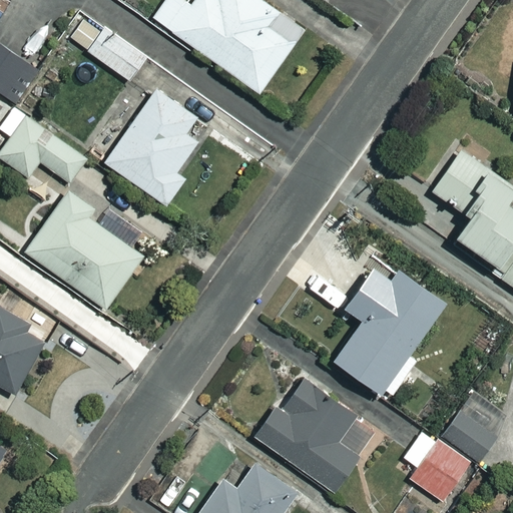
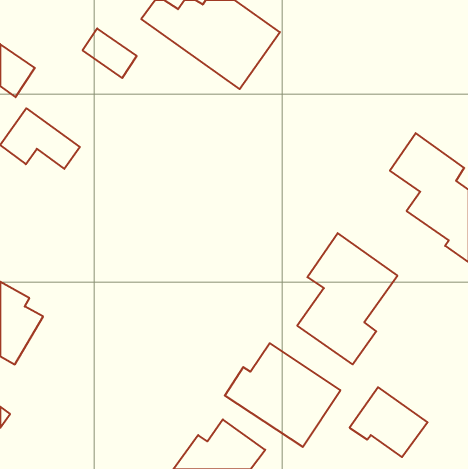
building: [108,93,200,209] -> none
building: [29,195,154,312] -> none
building: [439,402,497,457] -> none

